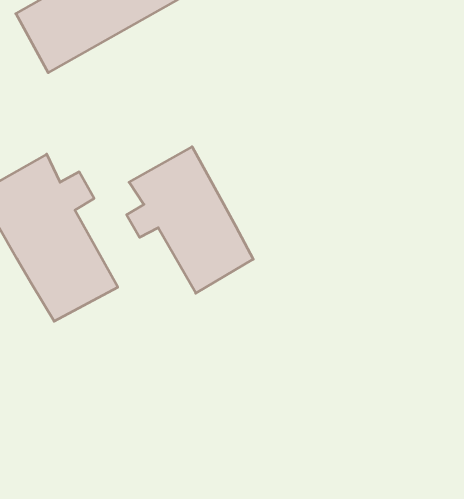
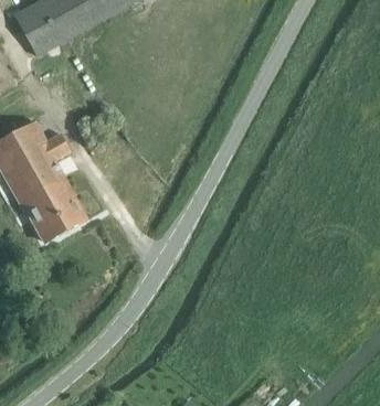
building: [127,147,253,293] -> none

